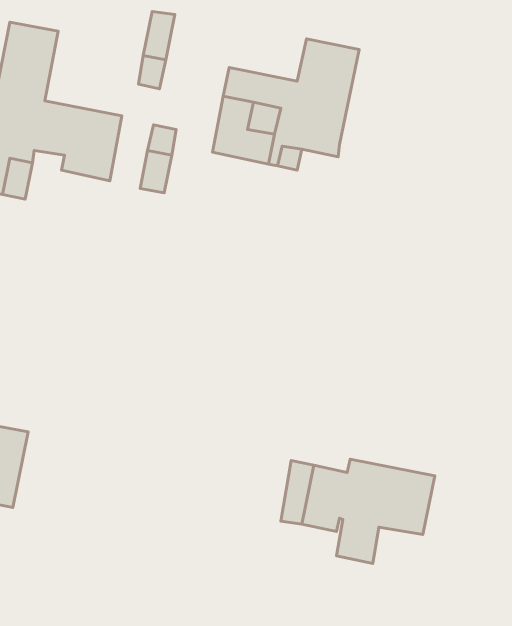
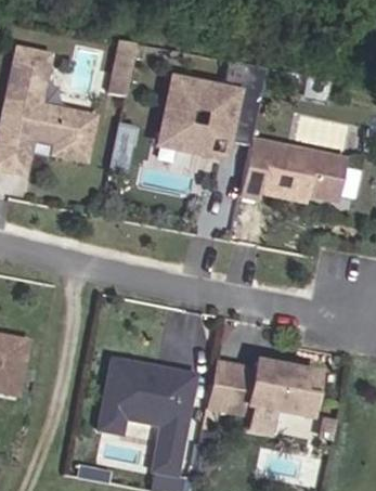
building: none -> [239,137,345,198]
building: none -> [98,359,195,476]

